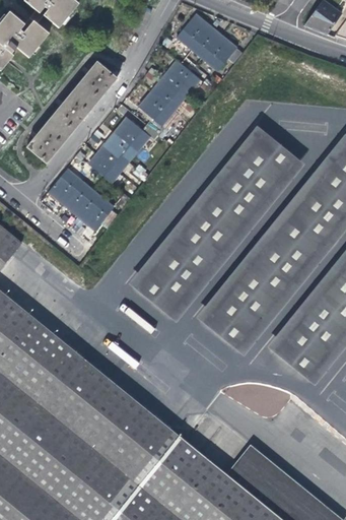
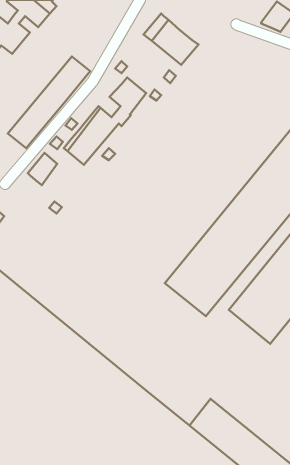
building: [156,62,198,104] -> none
building: [129,126,302,317] -> none
building: [62,182,112,232] -> none

